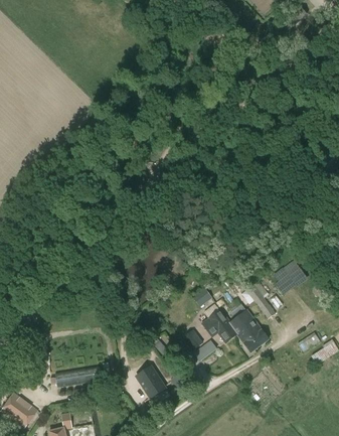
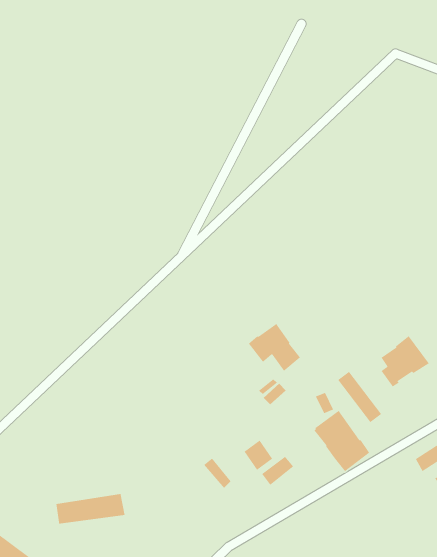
building: [201,309,237,342] -> [248,323,302,372]
building: [136,369,167,400] -> none

